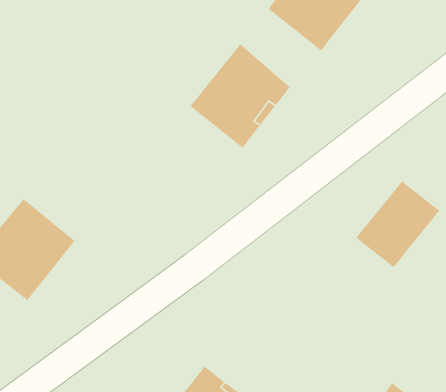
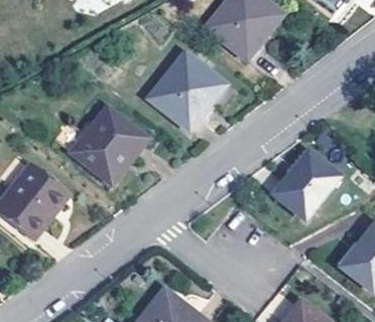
building: none -> [71,110,145,185]

